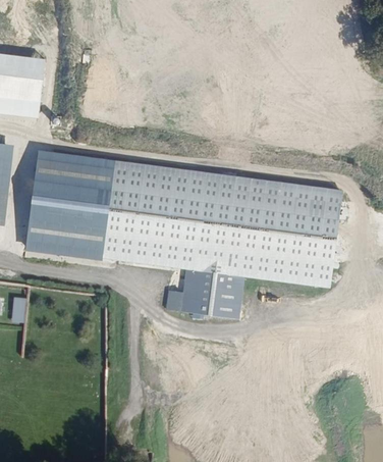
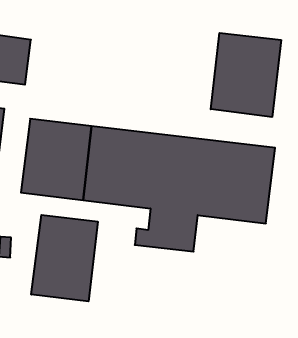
building: none -> [211,33,281,117]
building: none -> [31,215,98,301]

